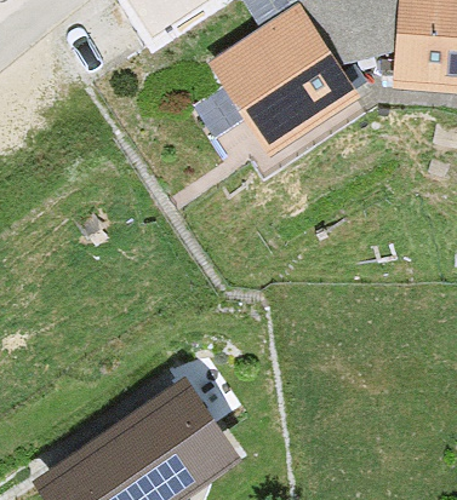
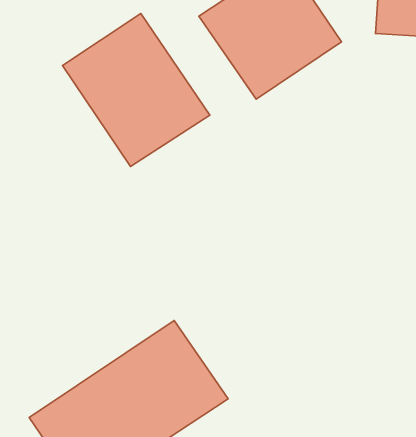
building: none -> [63,14,210,167]

